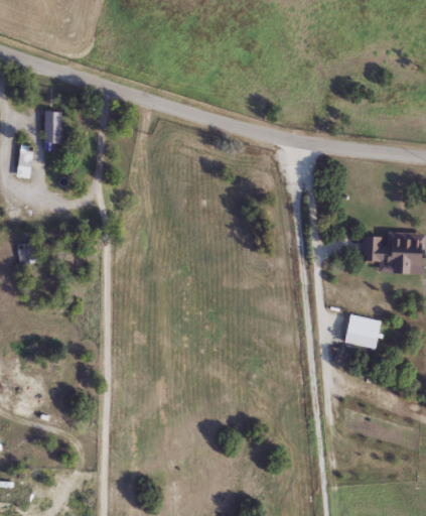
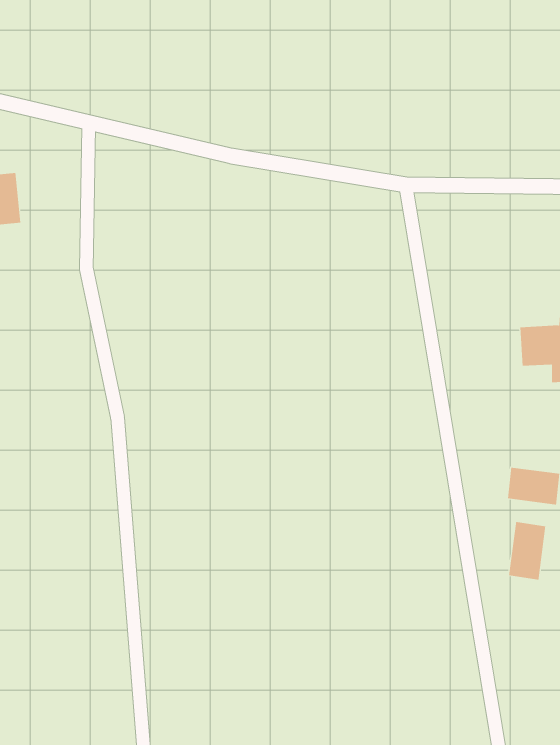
building: none -> [509,521,546,581]

